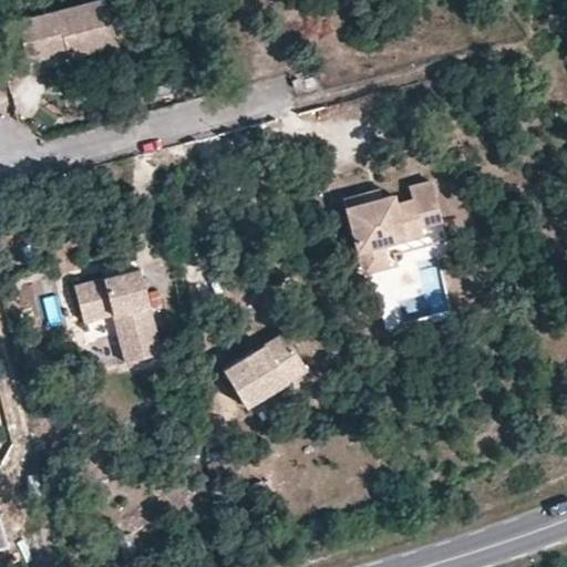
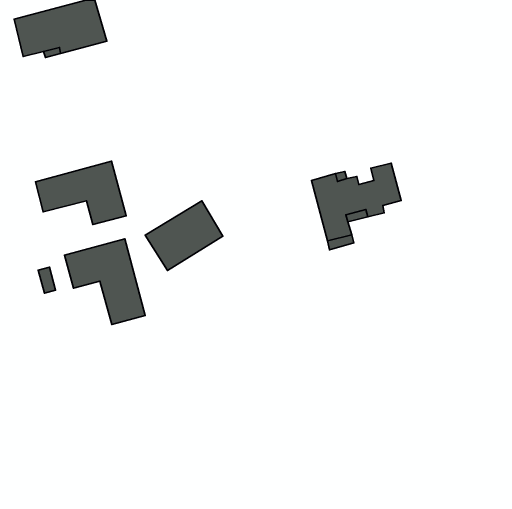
building: none -> [35,161,126,225]
building: [221,329,307,405] -> [145,201,223,271]

